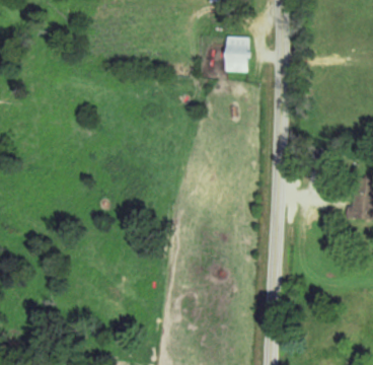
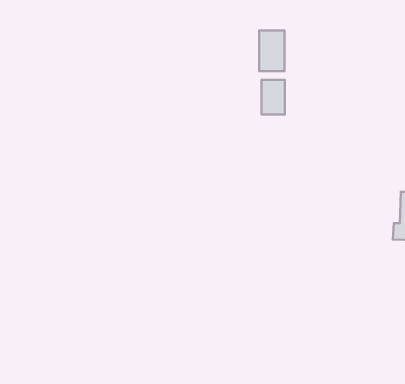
building: none -> [262,80,285,115]

